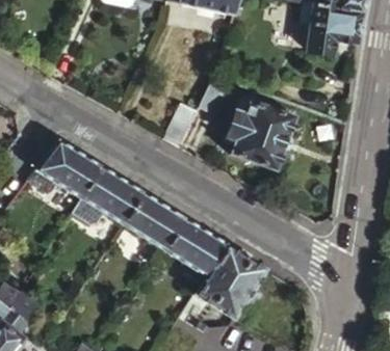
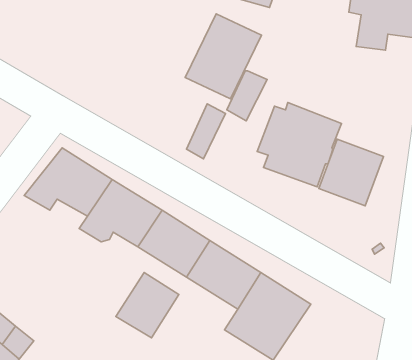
building: none -> [185,14,262,99]
building: none -> [319,139,383,206]
building: none -> [116,272,179,338]

